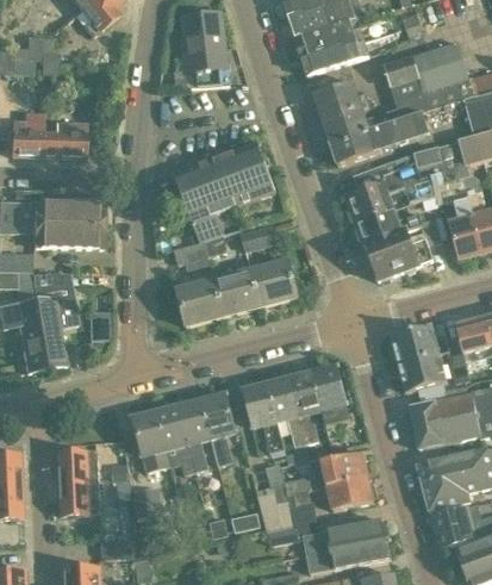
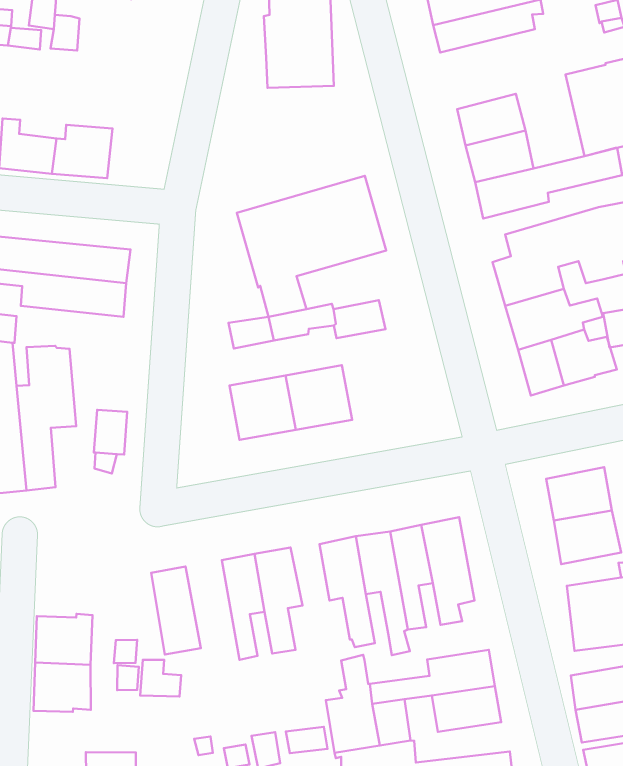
building: [300,36,369,75] -> none
building: [250,259,297,305] -> none
building: [156,405,197,474] -> none

